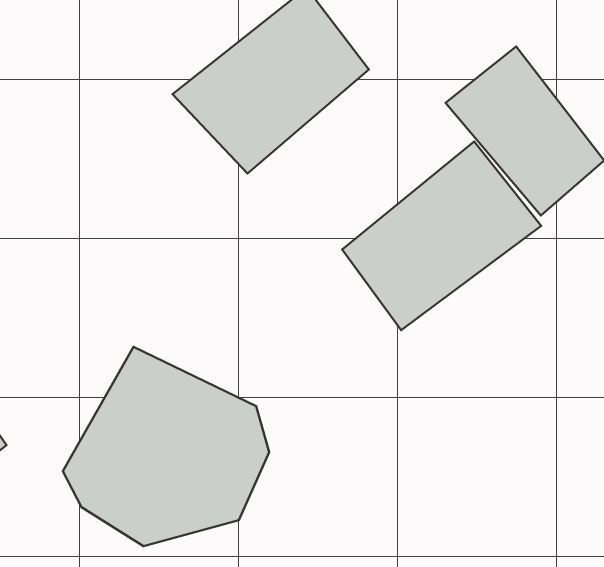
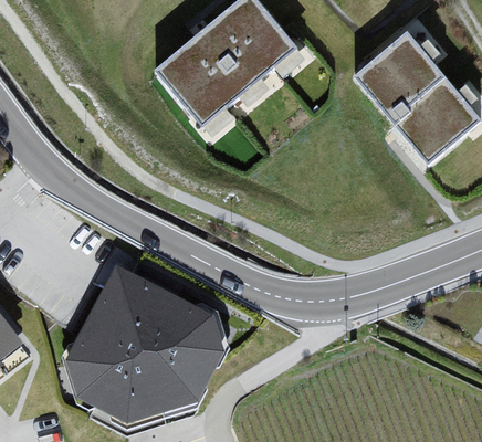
building: [342,141,541,330] -> none

